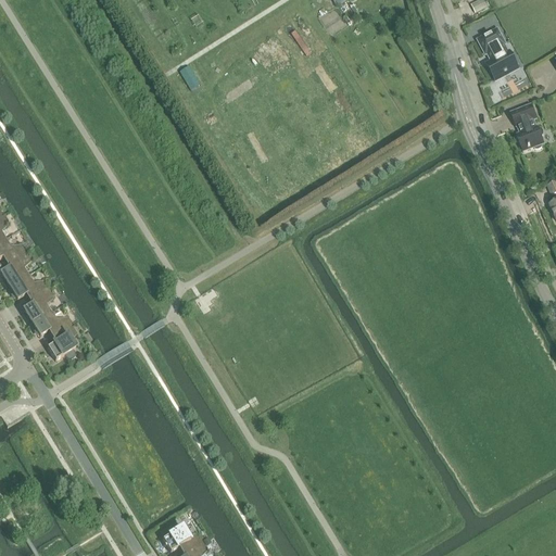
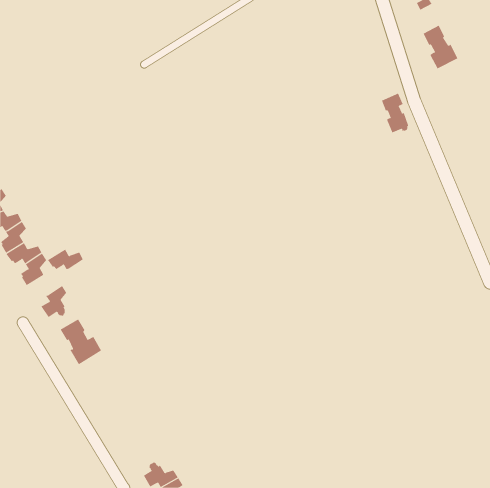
building: [510,103,542,149] -> [381,93,409,133]
building: [29,311,71,334] -> [47,249,84,270]
building: none -> [60,319,102,365]

